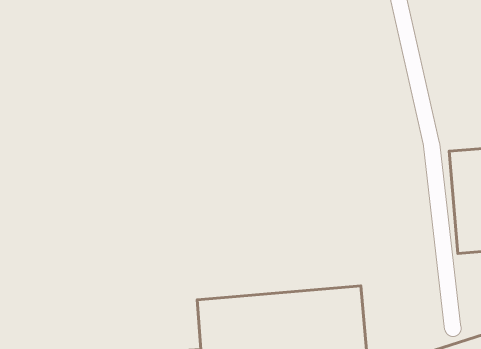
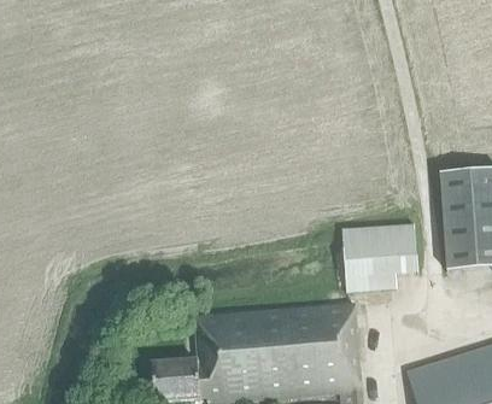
building: none -> [342,224,417,301]

